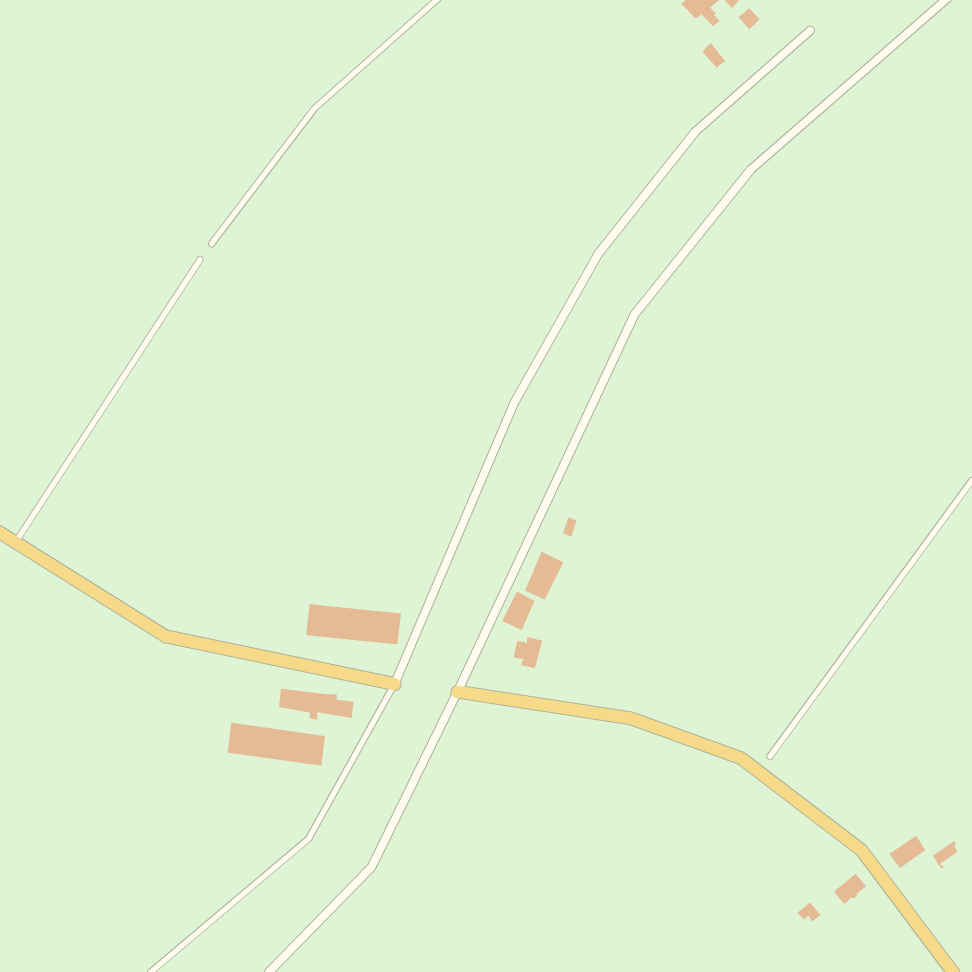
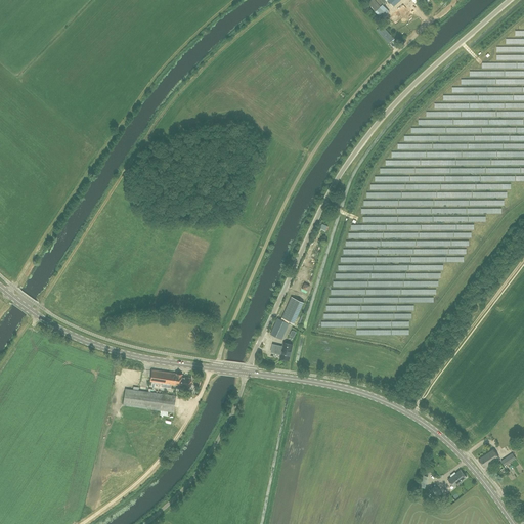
building: [306,603,402,645] -> none

